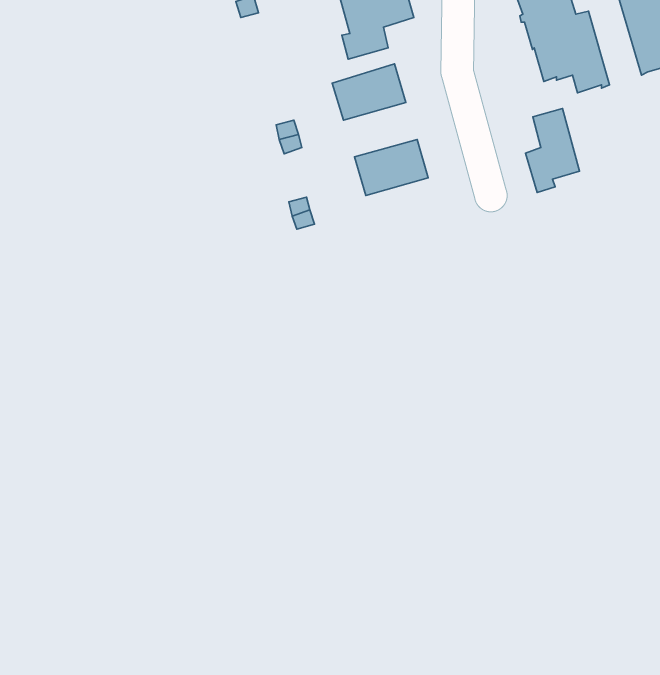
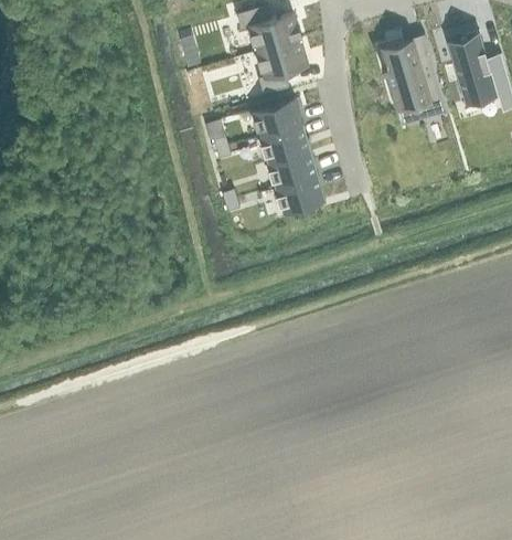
building: none -> [259,123,310,160]
building: [526,108,579,193] -> none
building: none -> [275,174,326,213]

